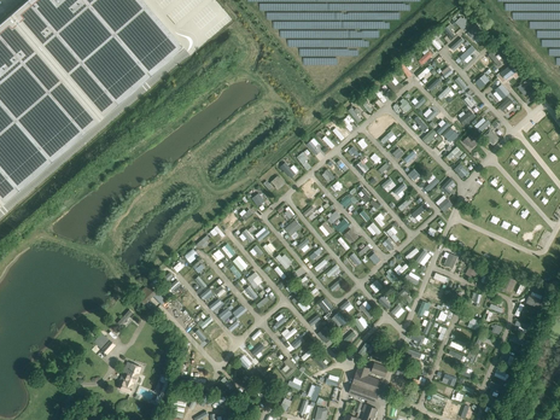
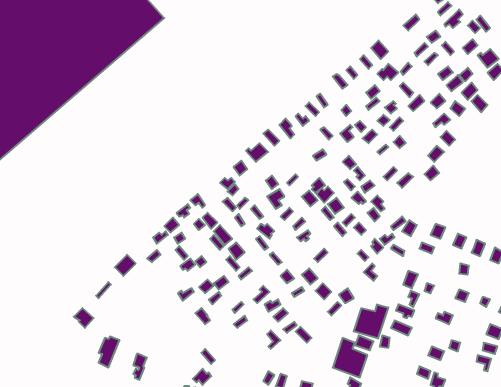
building: none -> [354,304,388,339]

